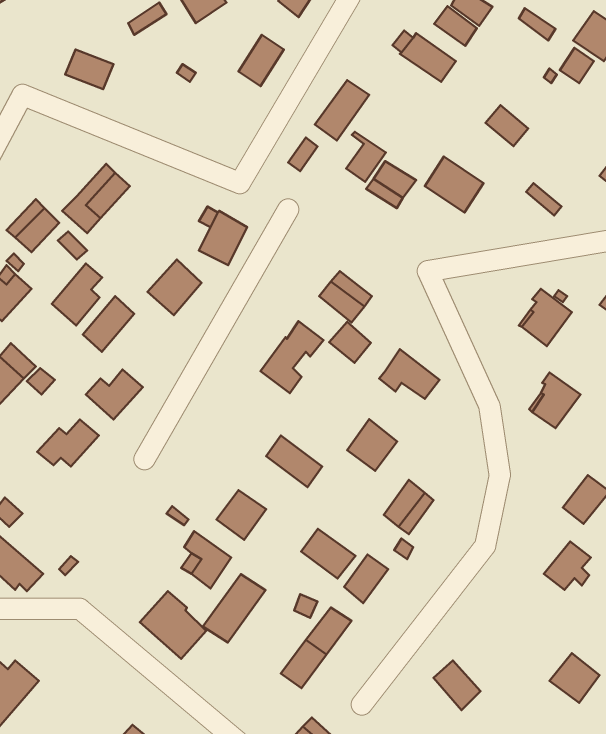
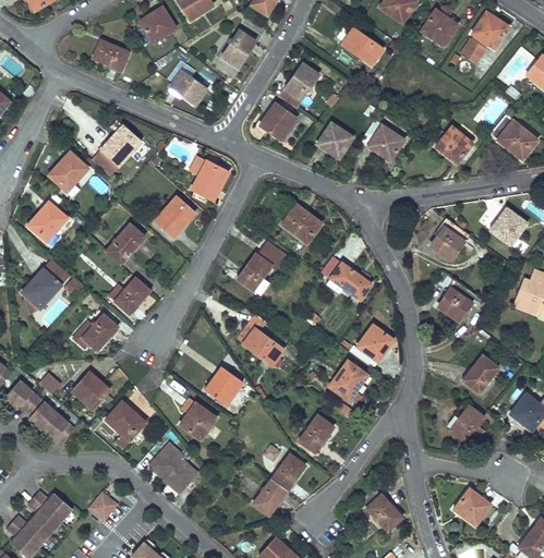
building: [434,6,477,46] -> [420,17,451,47]
building: none -> [144,14,177,44]
building: none -> [171,71,207,105]
building: [486,105,528,146] -> [440,126,472,157]
building: [346,132,386,182] -> [267,104,297,141]
building: [52,264,102,325] -> none
building: [329,322,371,363] -> none
building: [347,419,397,471] -> [356,324,394,362]
building: none -> [72,372,110,410]
building: [301,529,356,579] -> none
building: none -> [106,401,146,441]
building: [203,574,266,642] -> none
building: none -> [86,490,118,522]

